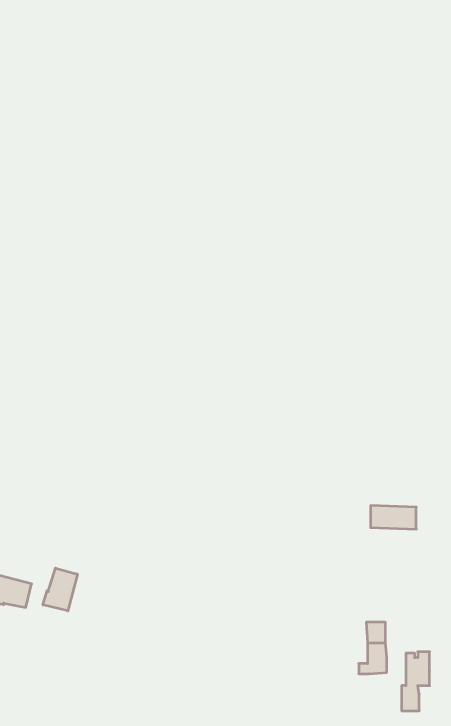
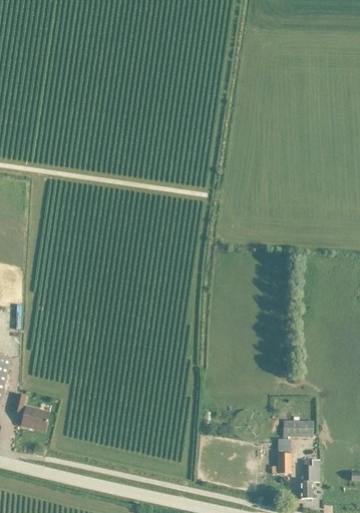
building: [371,506,416,529] -> [283,420,314,436]
building: [43,568,77,611] -> none

